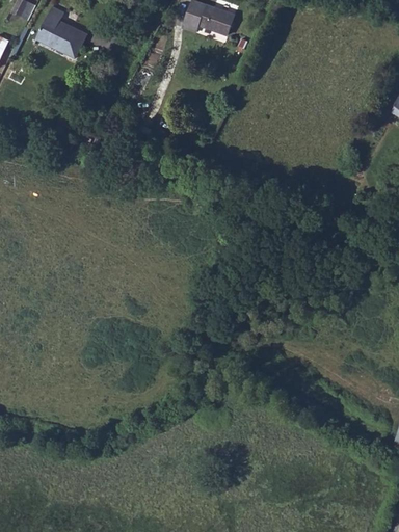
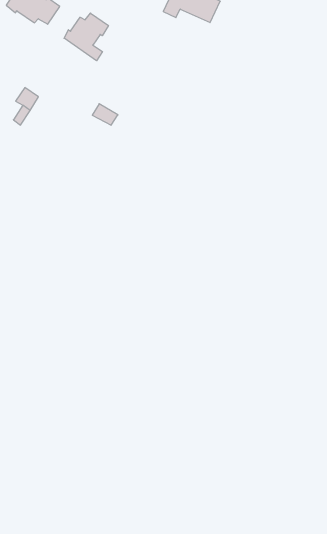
building: none -> [64,13,108,61]

